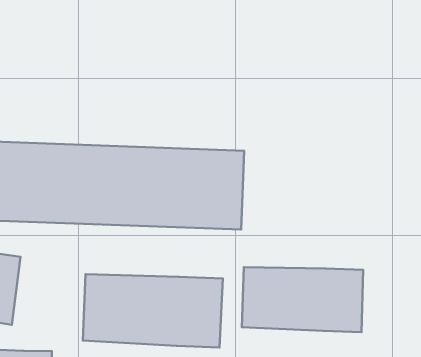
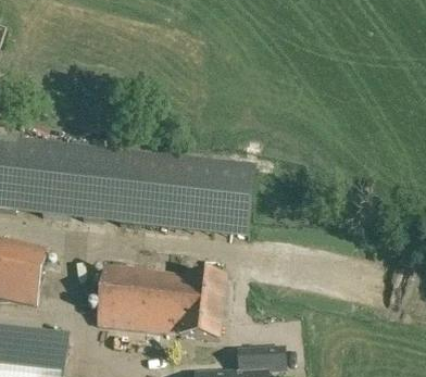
building: [242,267,363,332] -> none

